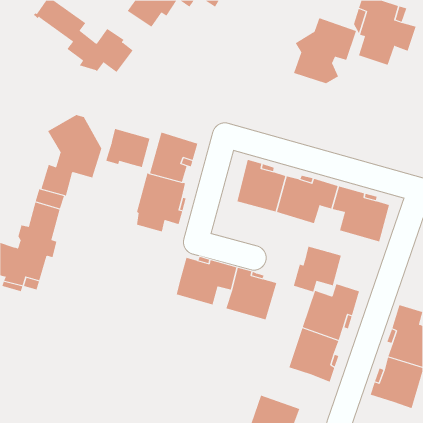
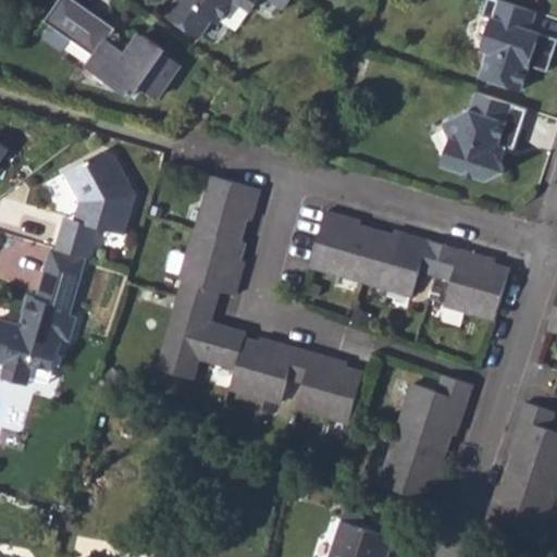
building: [293,18,357,84] -> [442,92,525,180]
building: [106,128,150,168] -> none
building: none -> [158,296,246,377]
building: [293,246,341,292] -> none

